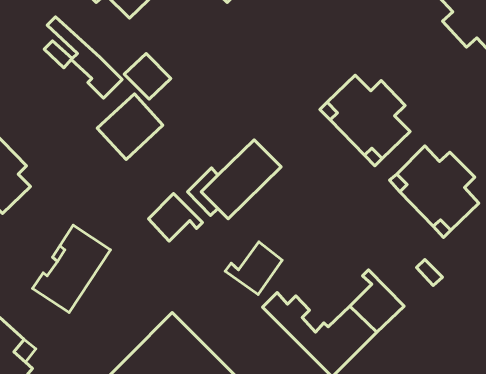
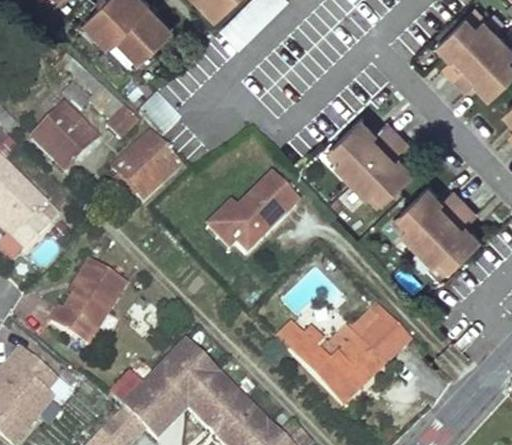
building: none -> [31,103,97,169]
building: [148,194,202,241] -> none
building: [225,242,282,295] -> none

